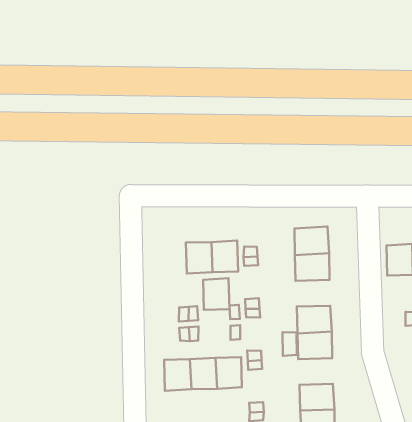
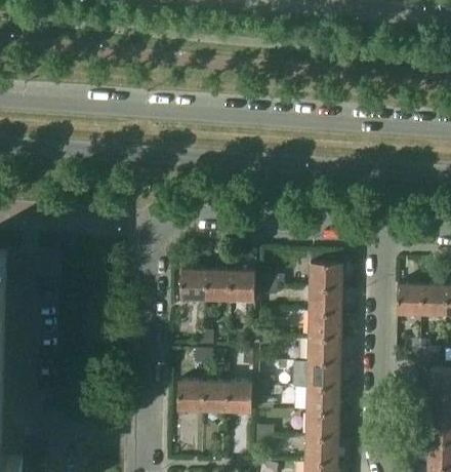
building: [203,278,229,310] -> [180,270,206,300]
building: none -> [309,313,341,339]
building: none -> [306,388,339,414]

